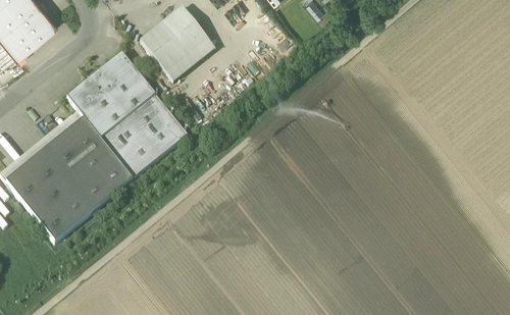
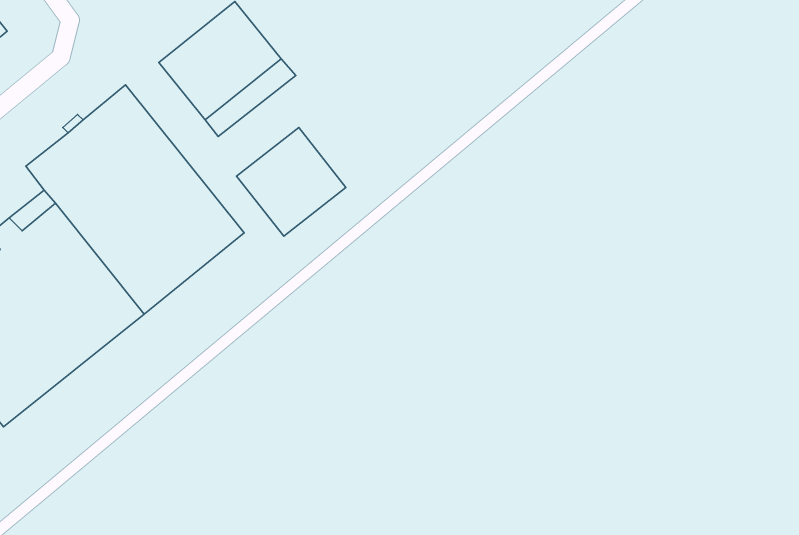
building: none -> [237,128,346,236]

